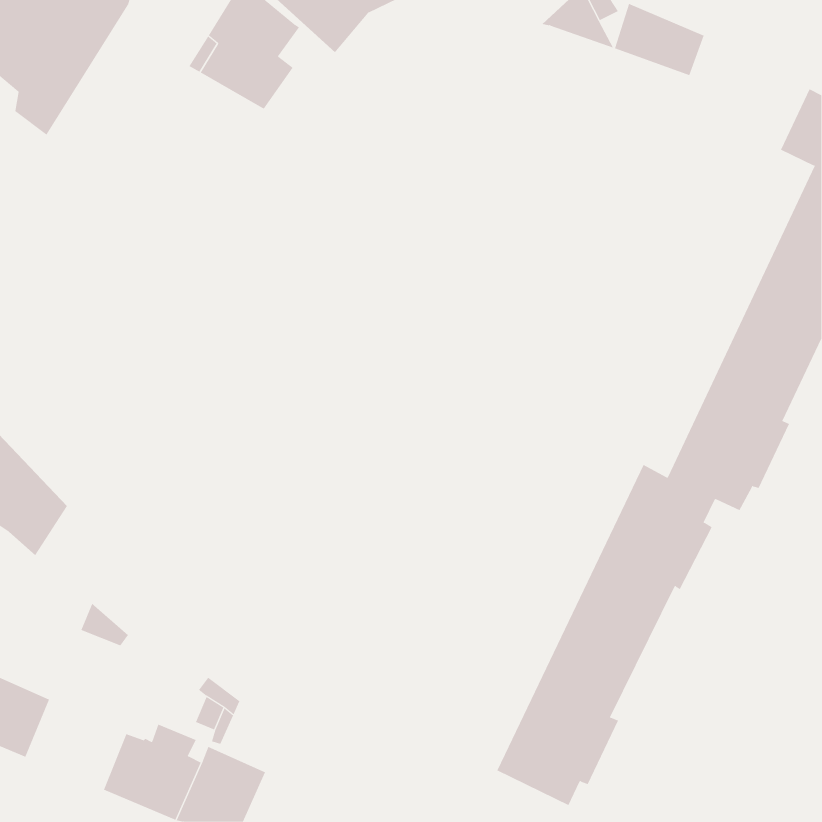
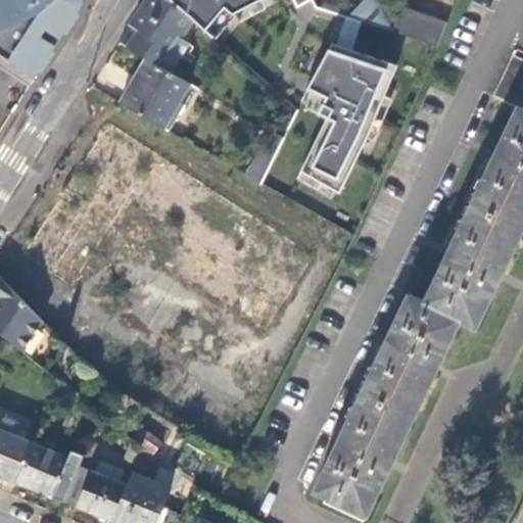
building: none -> [299,40,395,191]
building: none -> [121,57,189,127]
building: none -> [16,443,81,501]

